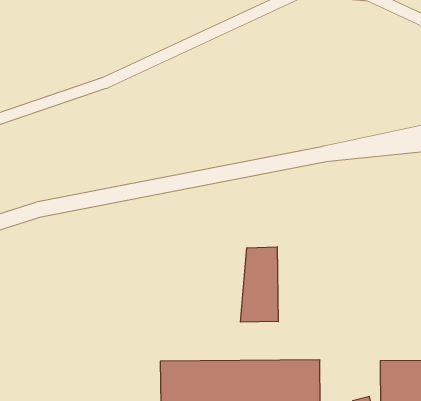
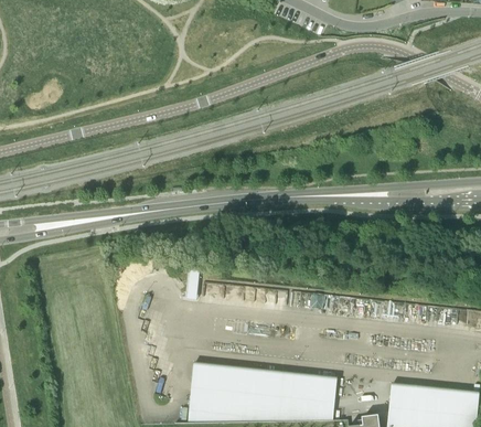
building: [240,247,278,322] -> none

